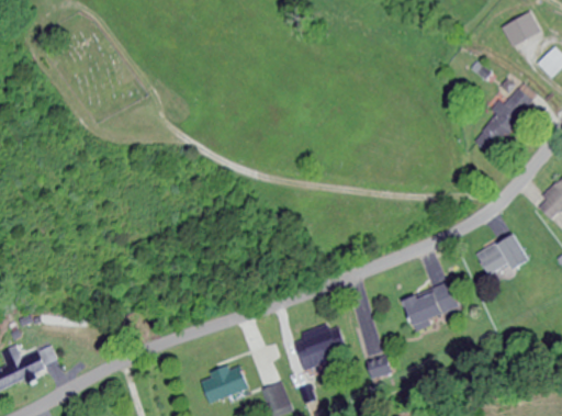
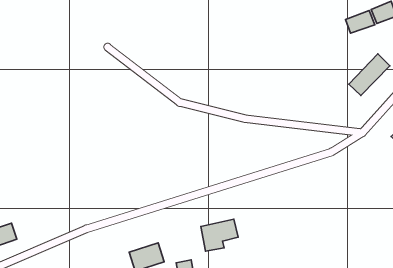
building: none -> [346,11,375,33]
building: [476,233,529,276] -> none
building: [402,282,460,328] -> none

